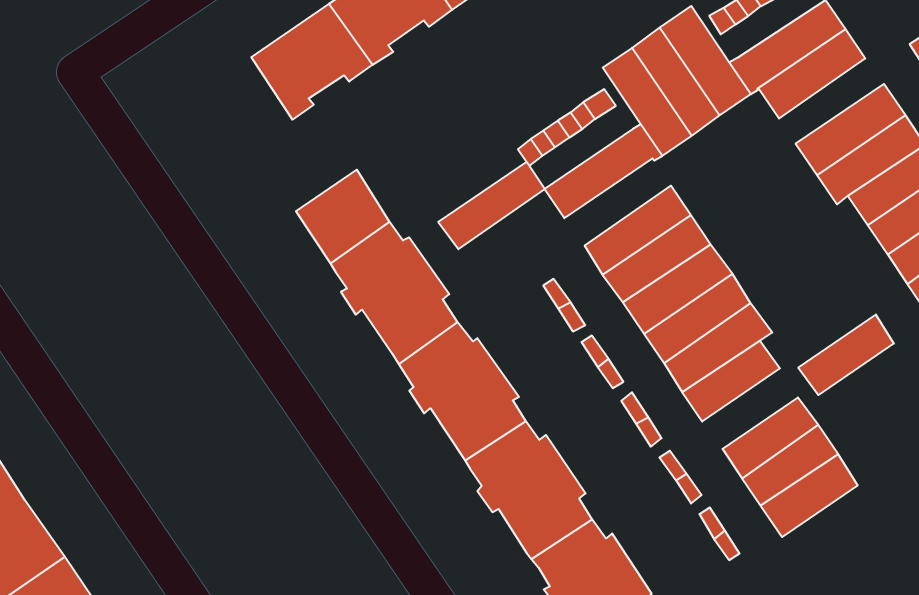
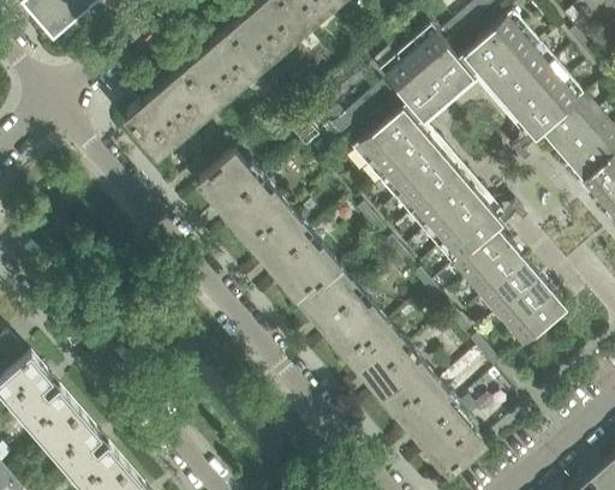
building: none -> [127,90,192,155]
building: none -> [494,48,556,106]
building: [438,162,545,249] -> [368,125,431,184]
building: [798,314,894,395] -> [467,246,525,300]

